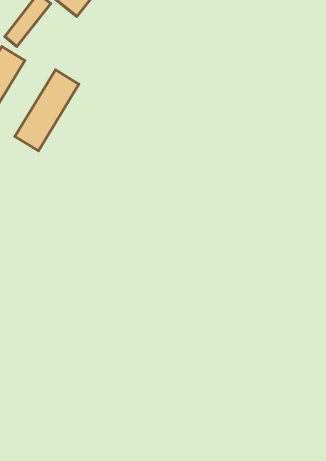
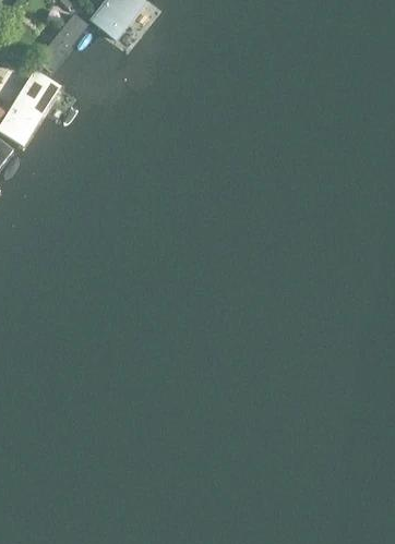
building: [15,70,79,151] -> none

